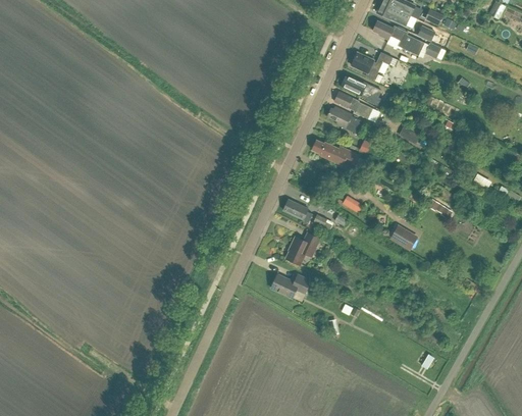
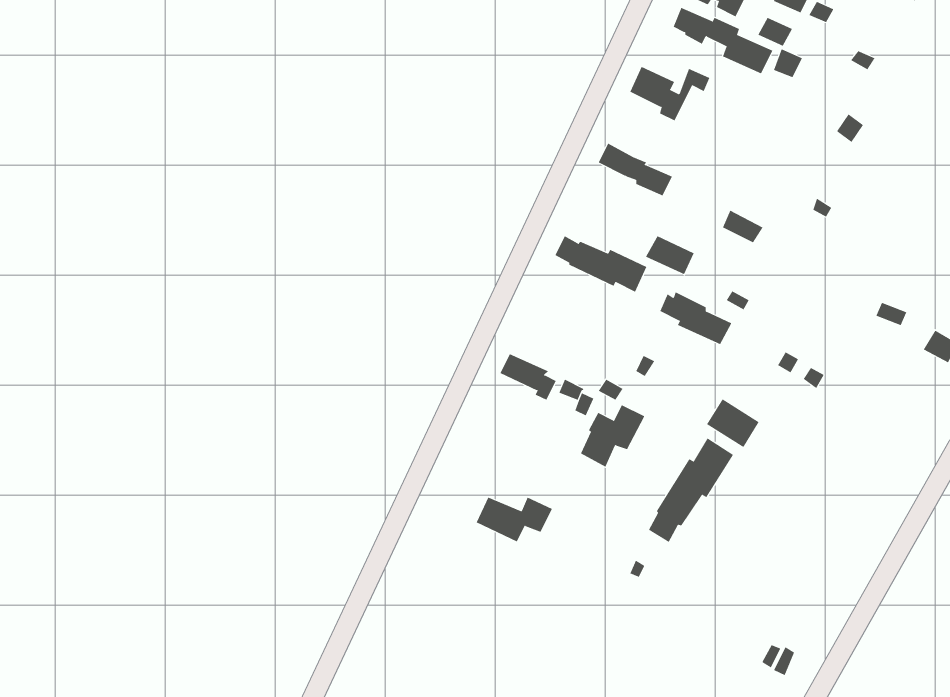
building: [341,75,380,105] -> none
building: [326,106,364,134] -> [659,292,732,345]
building: [285,232,319,265] -> [580,404,645,467]
building: none -> [648,438,734,543]

